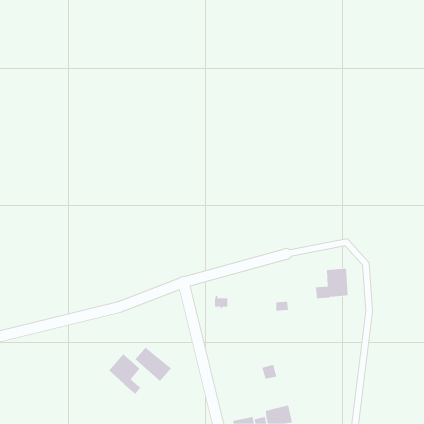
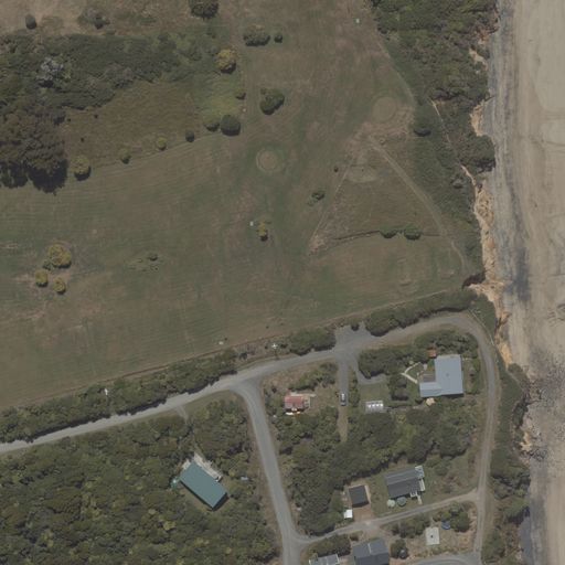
building: none -> [384,466,425,498]
building: [109,353,141,395] -> none

